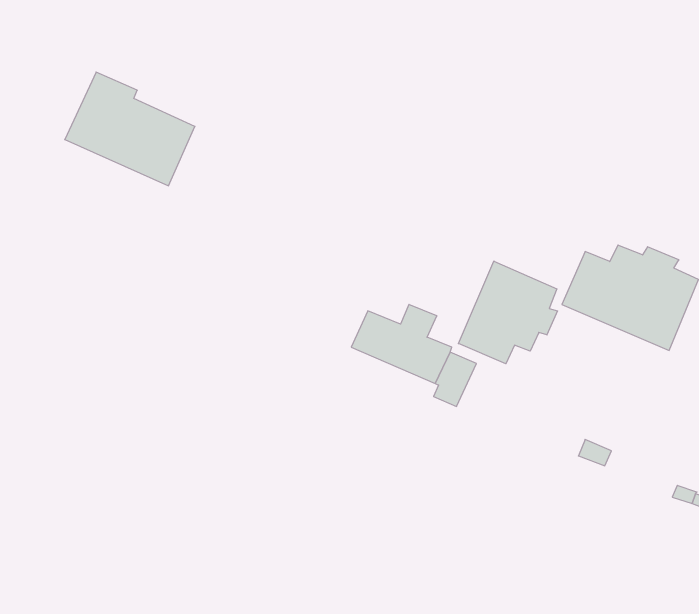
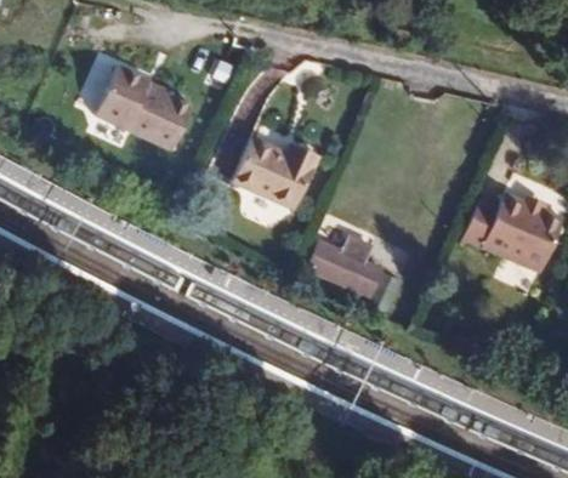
building: none -> [232,138,318,207]
building: [458,261,558,364] -> none

